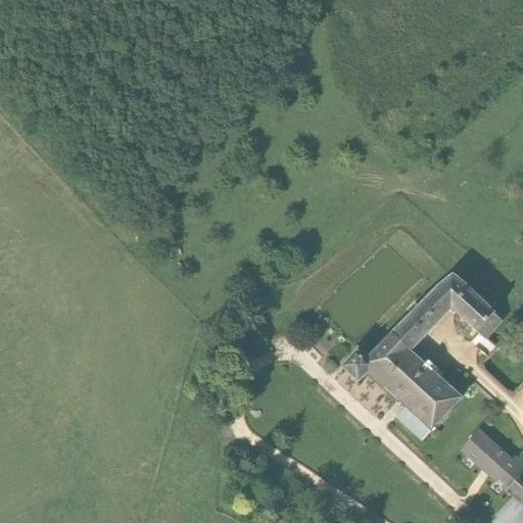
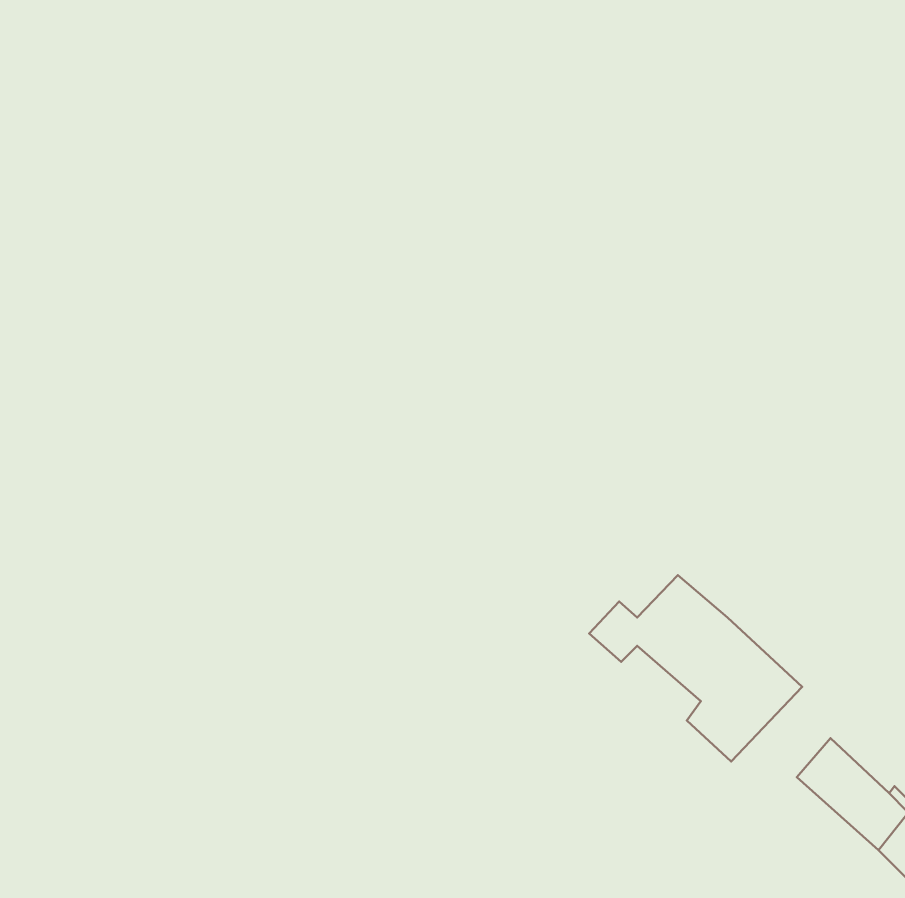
building: [391,268,503,355] -> none

